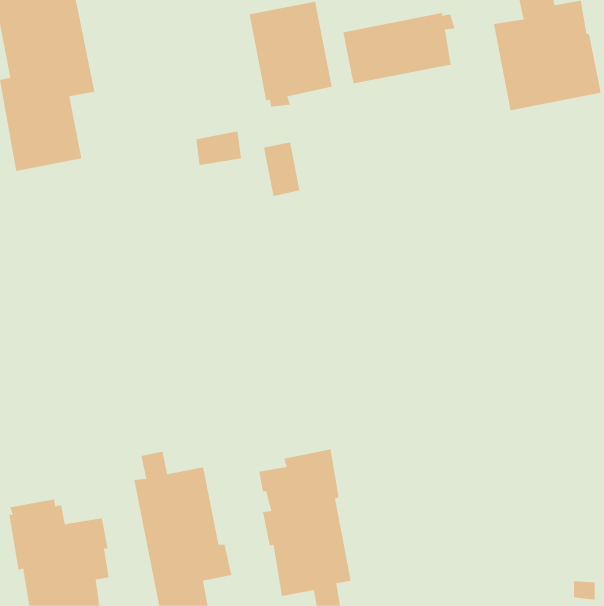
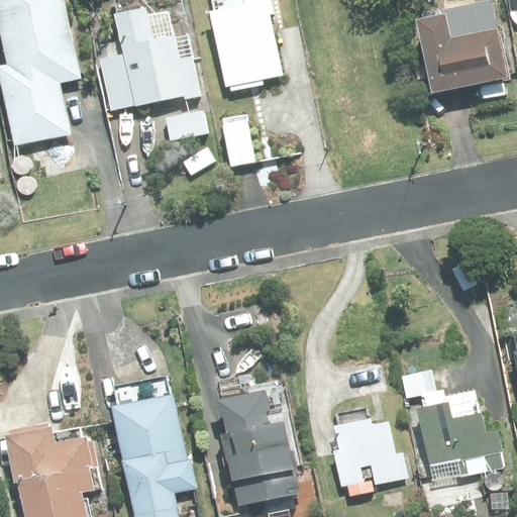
building: [343,12,455,84] -> none
building: none -> [98,11,197,108]
building: none -> [400,370,502,482]
building: none -> [332,419,408,487]

